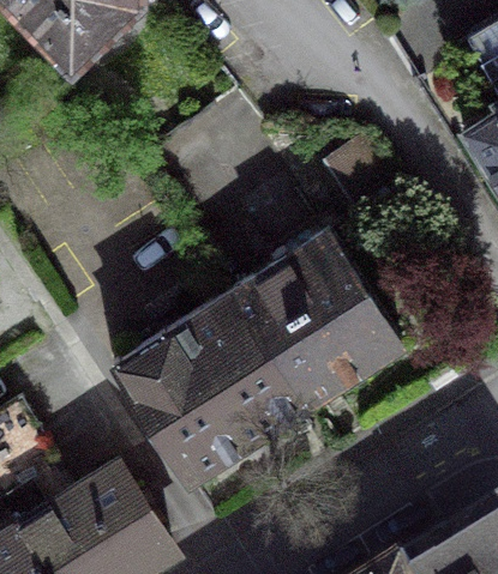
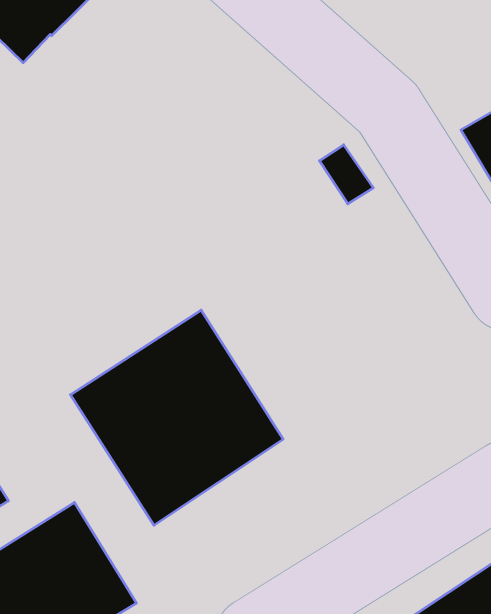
building: [230,223,402,407] -> none

